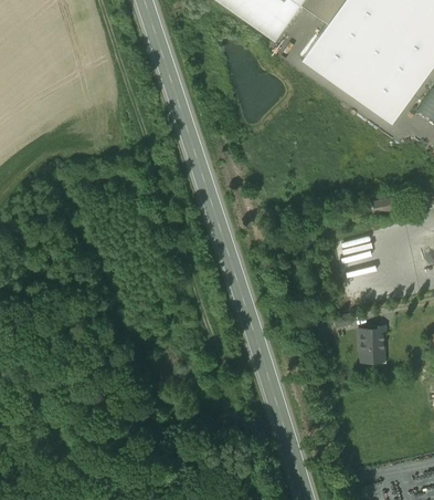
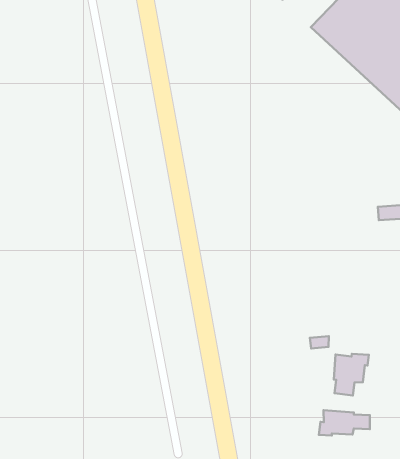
building: none -> [319,410,370,436]

